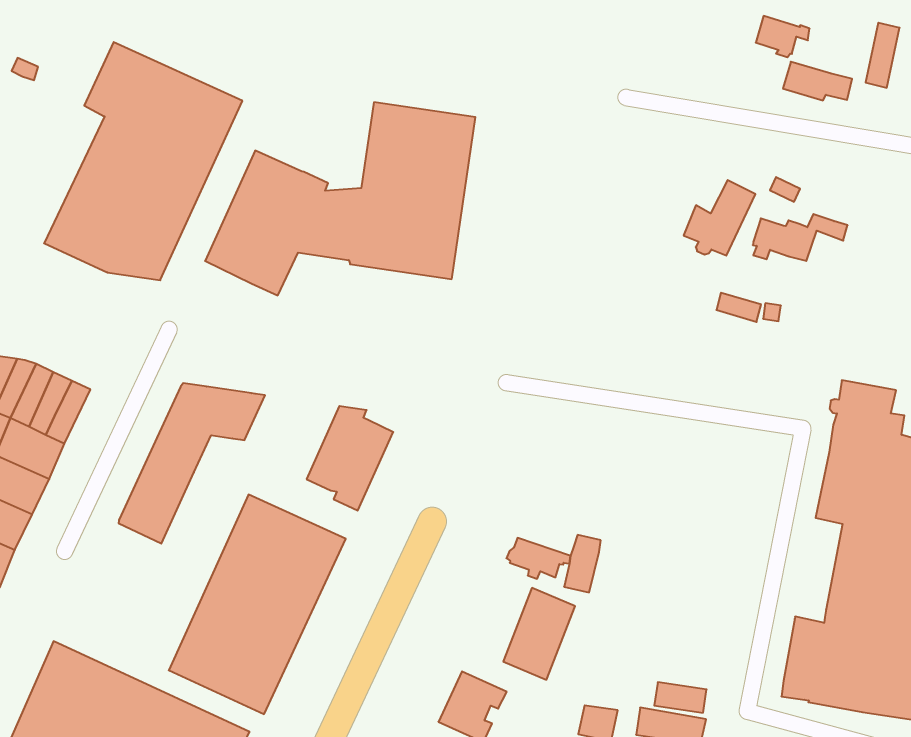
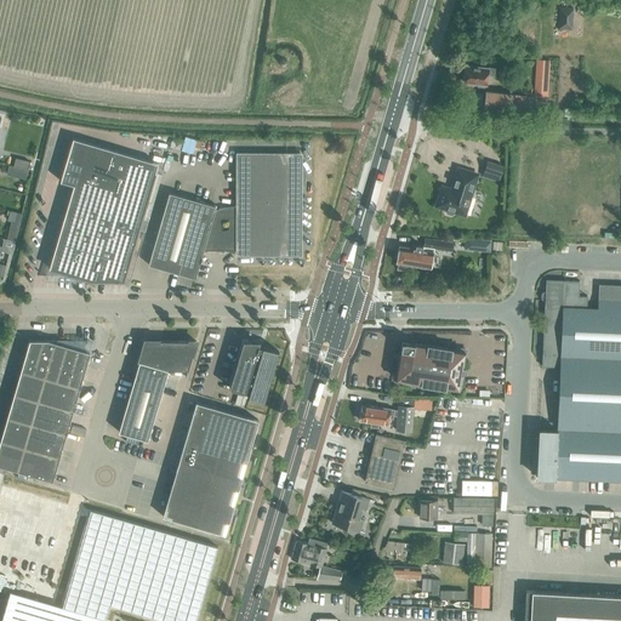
building: [753,214,848,261] -> [397,240,452,272]
building: none -> [395,342,465,391]

